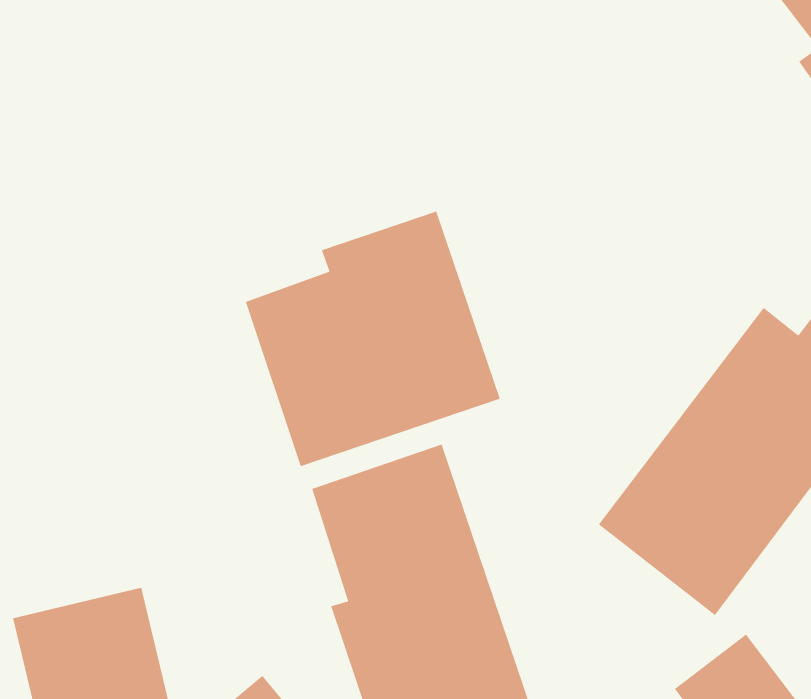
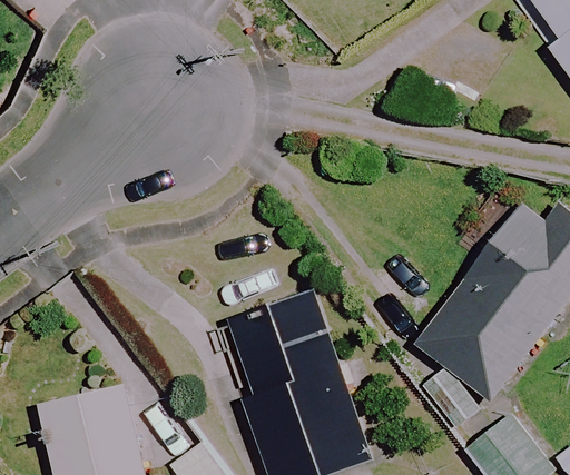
building: [245,210,501,467] -> none

